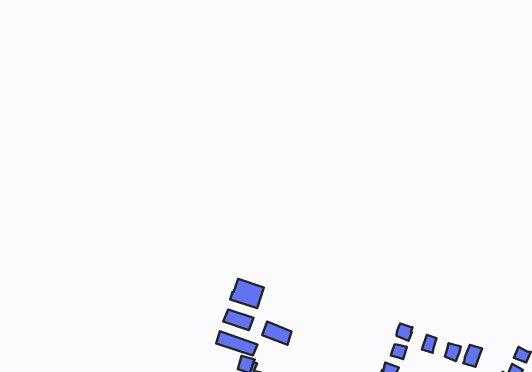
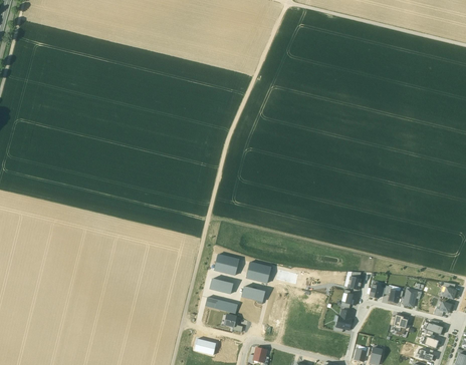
building: none -> [245,261,270,283]

